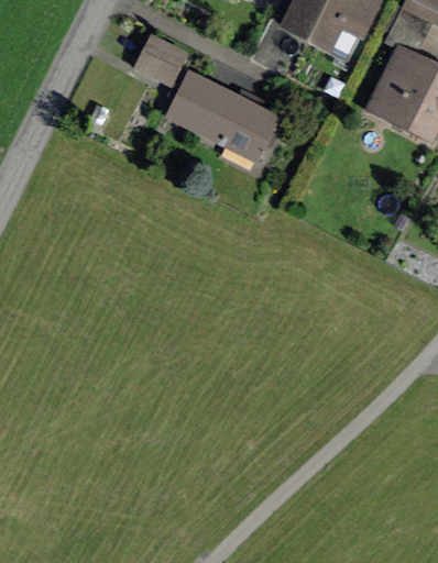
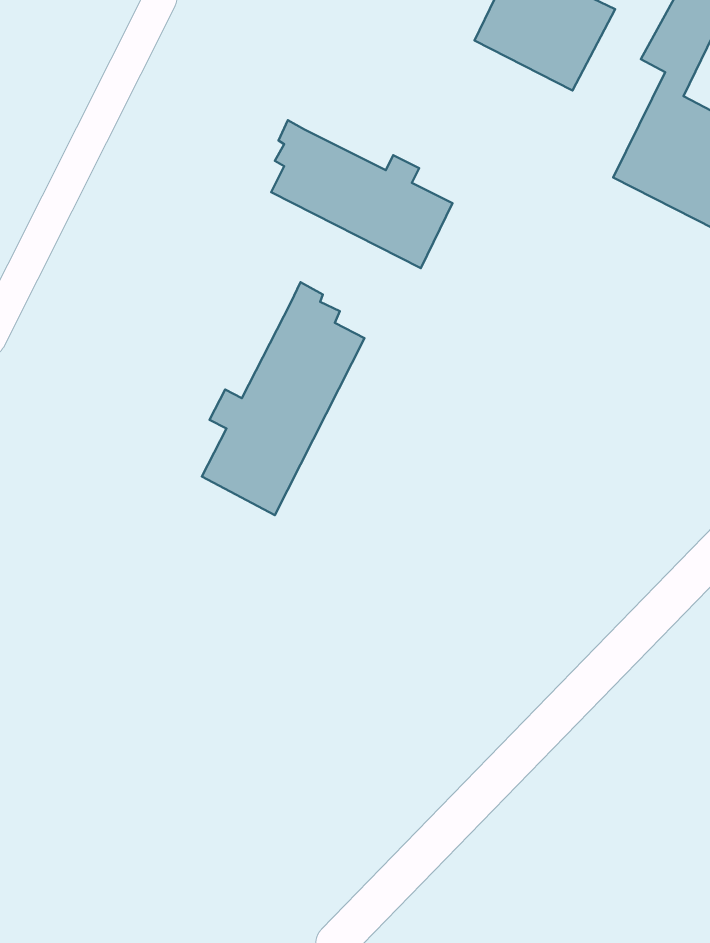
building: [136,38,186,84] -> none
building: none -> [202,282,365,515]

